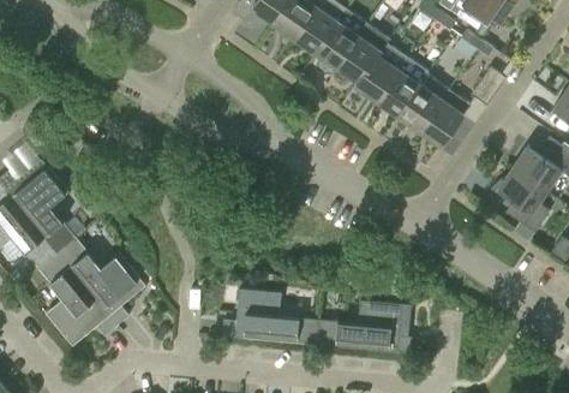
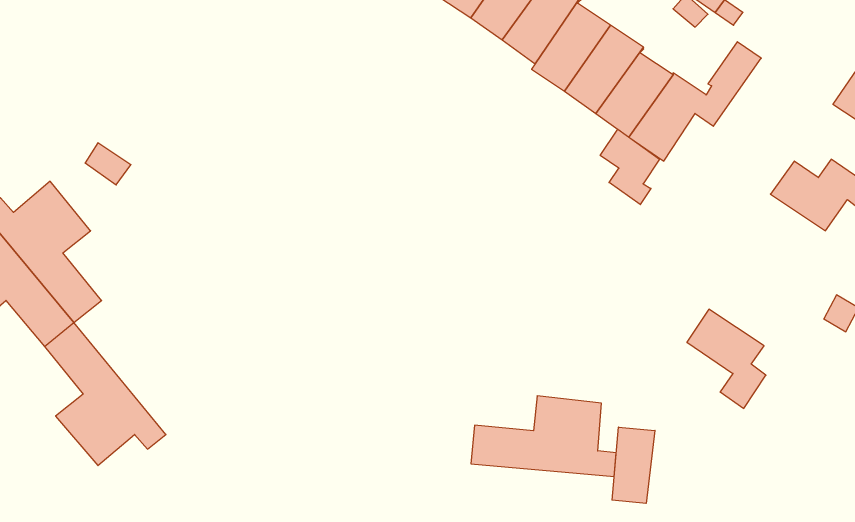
building: none -> [600,129,660,205]
building: [497,168,549,233] -> [687,309,766,408]
building: [56,238,145,326] -> none
building: [222,290,318,345] -> none
building: none -> [612,427,655,503]

